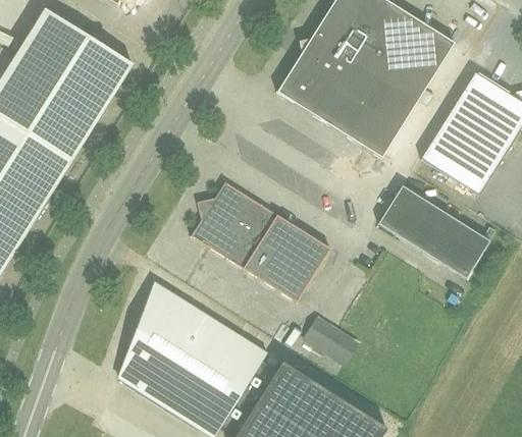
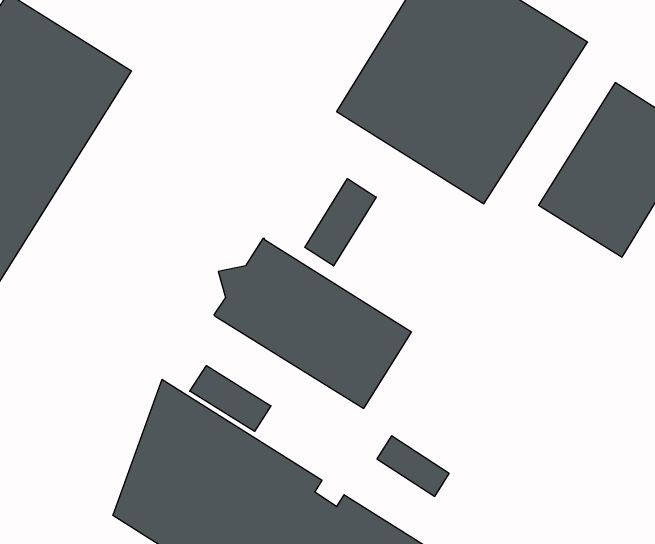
building: none -> [305,179,376,266]
building: [377,185,488,277] -> none
building: none -> [190,366,271,431]

